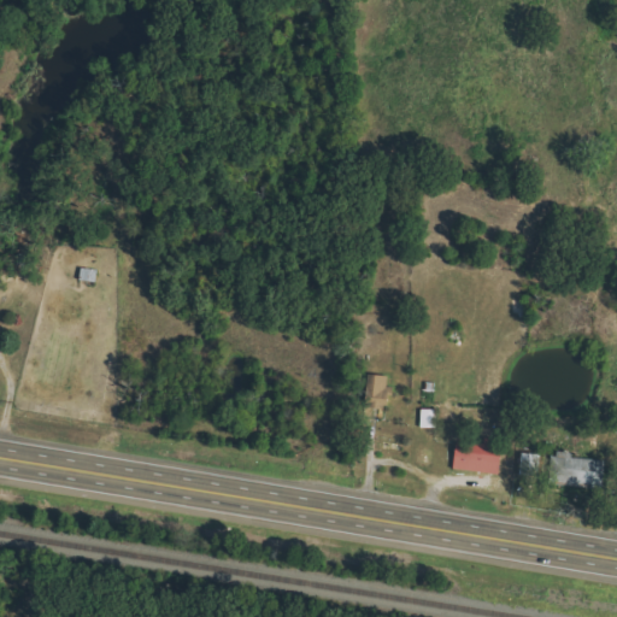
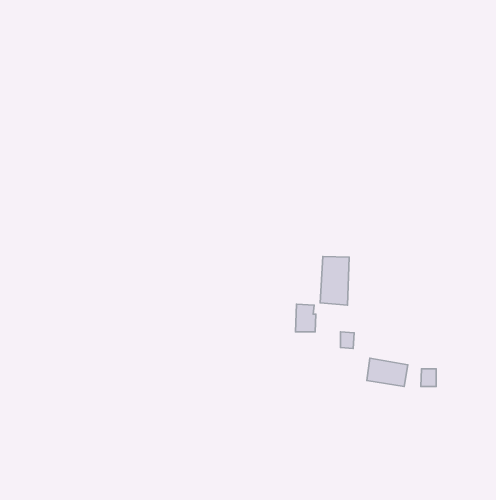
building: none -> [320,256,349,305]
building: [550,453,598,489] -> none

